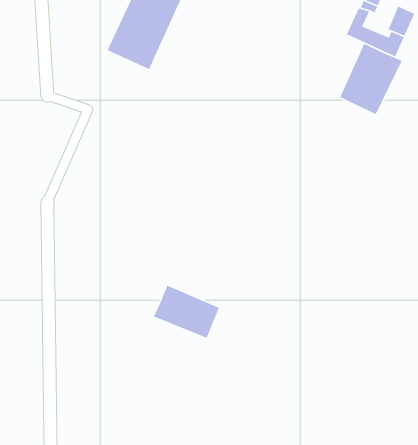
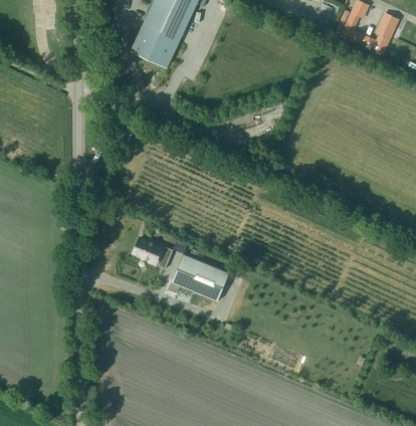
building: [339,43,403,115] -> none
building: none -> [134,238,173,268]

